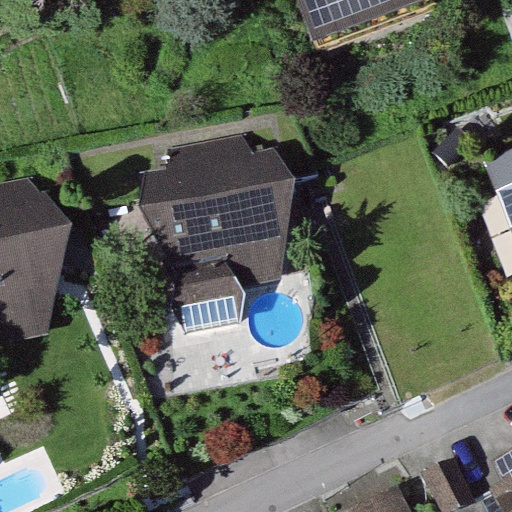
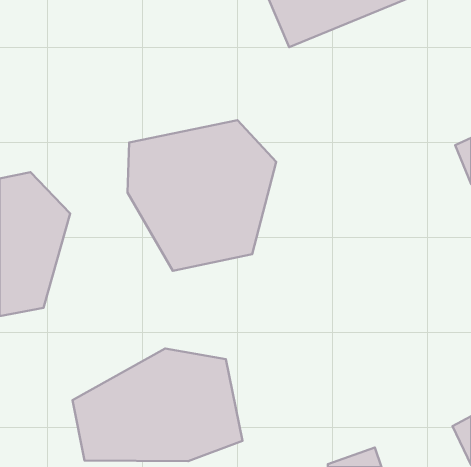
building: none -> [73,349,243,461]

